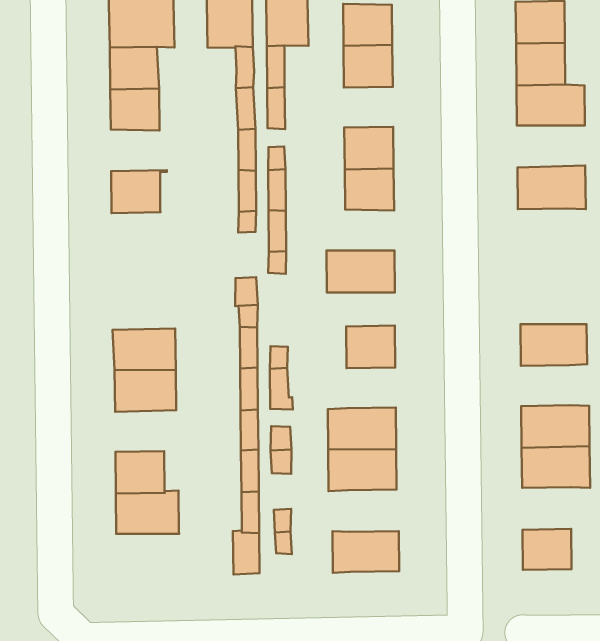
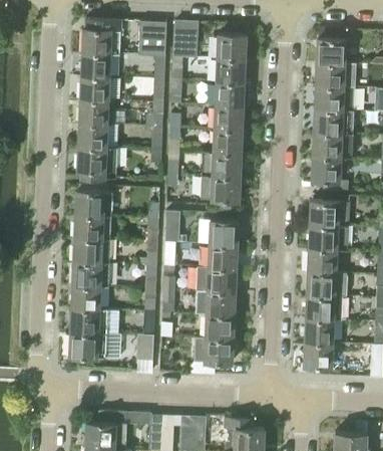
building: none -> [215,82,250,106]
building: none -> [313,109,353,135]
building: none -> [79,99,111,125]
building: none -> [201,152,241,178]
building: none -> [311,158,348,193]
building: none -> [77,148,117,179]
building: none -> [310,201,349,226]
building: none -> [75,191,112,216]
building: none -> [308,248,337,272]
building: none -> [208,244,237,268]
building: none -> [73,262,109,287]
building: none -> [305,318,334,344]
building: none -> [206,314,234,340]
building: none -> [70,332,120,359]

